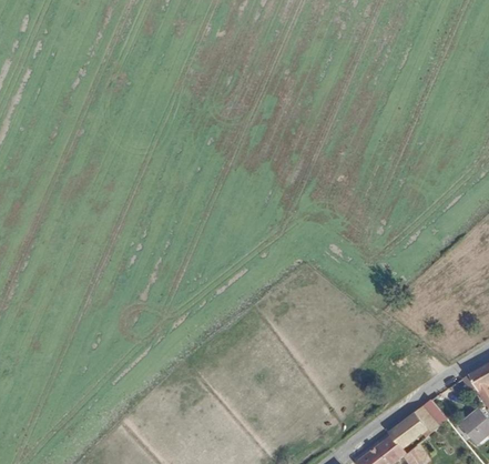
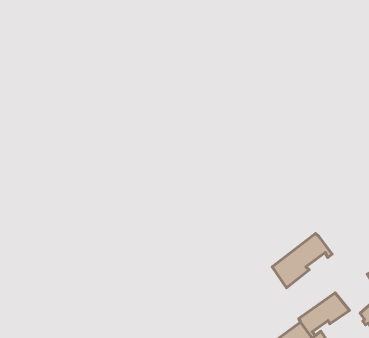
building: none -> [272,234,332,288]

